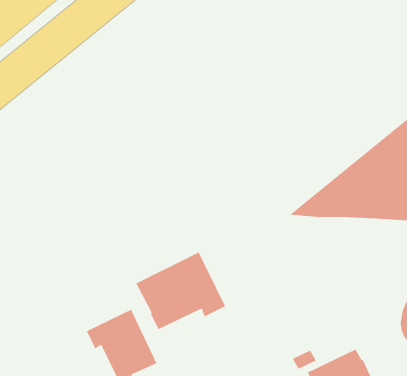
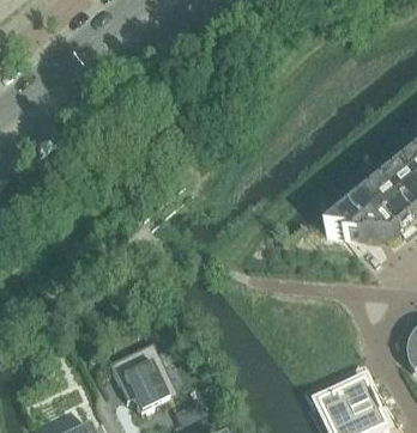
building: [135,250,226,330] -> none

